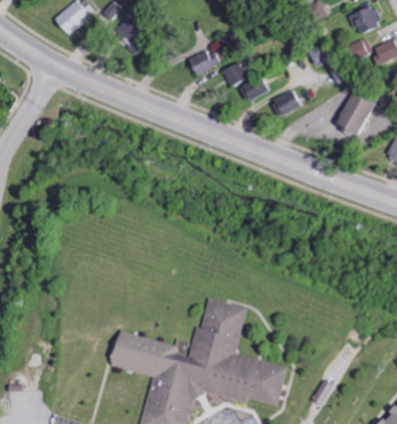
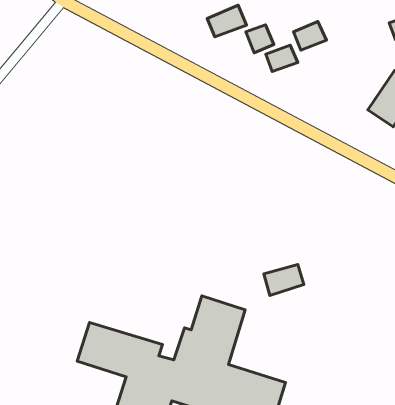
building: [271,90,301,117] -> [293,21,327,50]
building: none -> [264,265,304,296]

